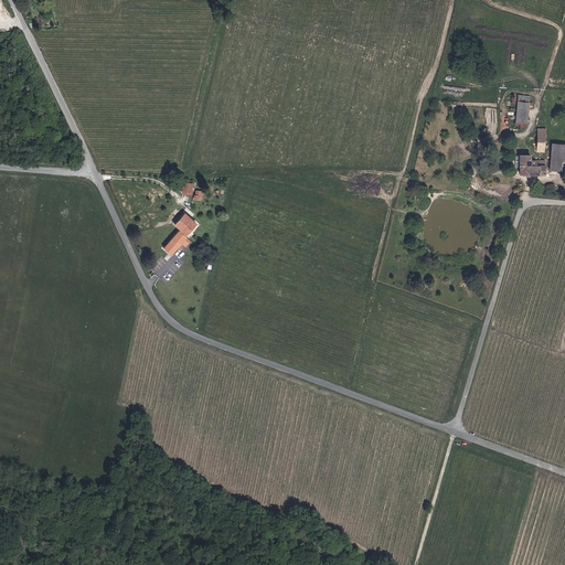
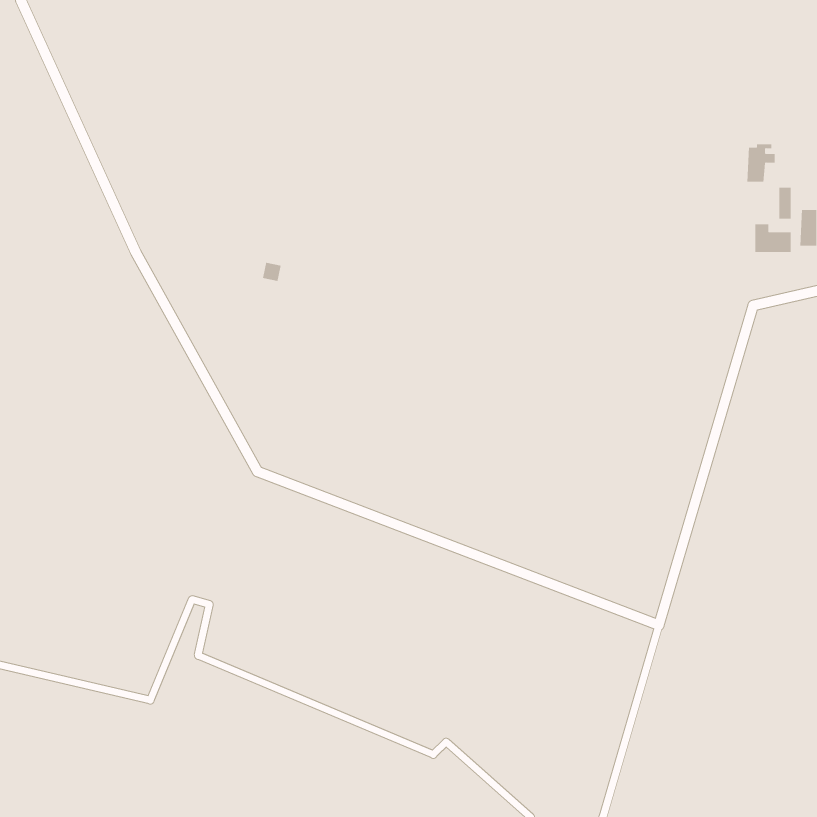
building: [166,212,196,255] -> none

